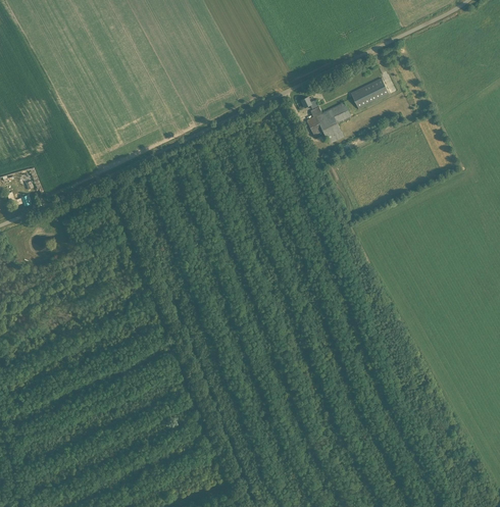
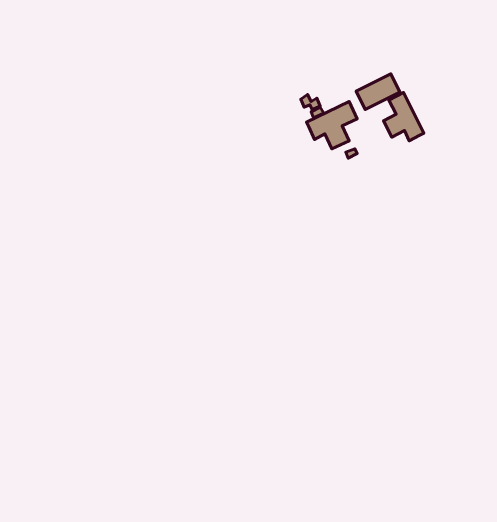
building: none -> [383,92,424,141]

